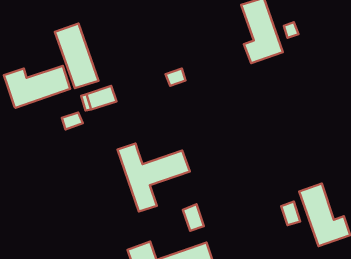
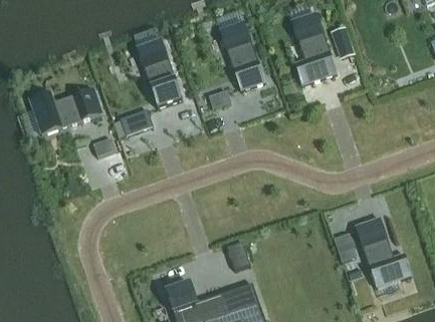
building: none -> [221,21,265,89]
building: [55,24,99,88] -> [135,37,183,108]
building: [117,144,190,212] -> none

